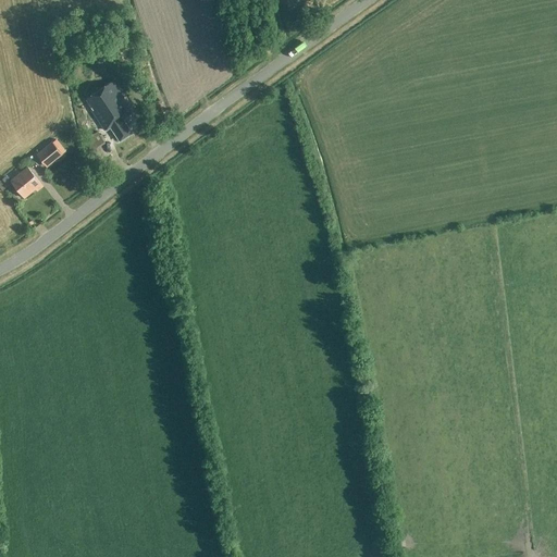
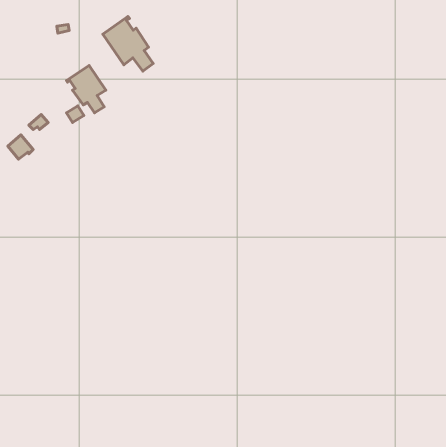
building: none -> [103,17,153,71]

